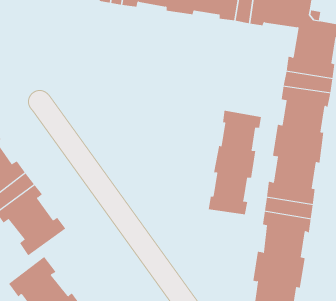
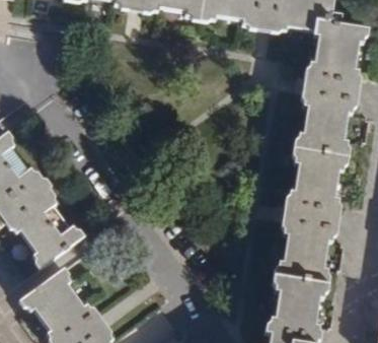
building: [208,110,262,215] -> none

